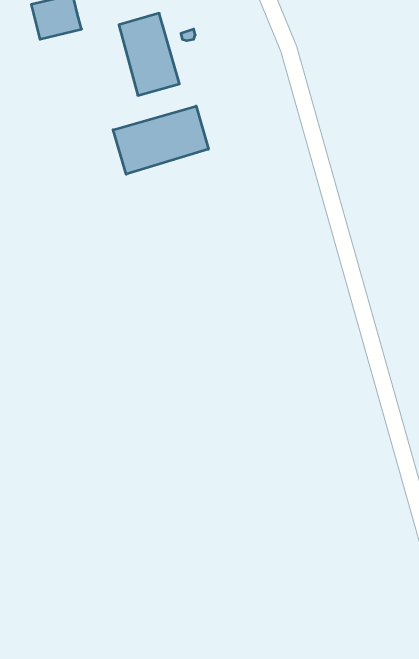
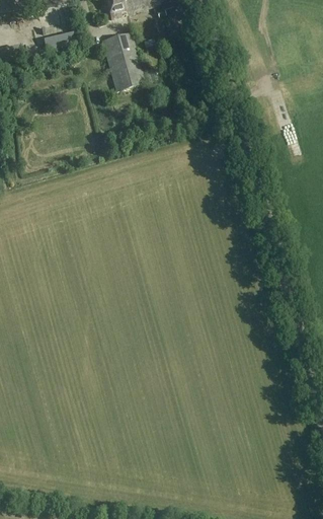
building: [113,106,208,174] -> none

